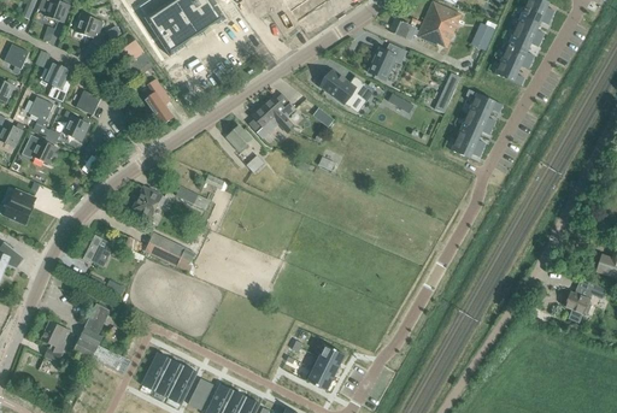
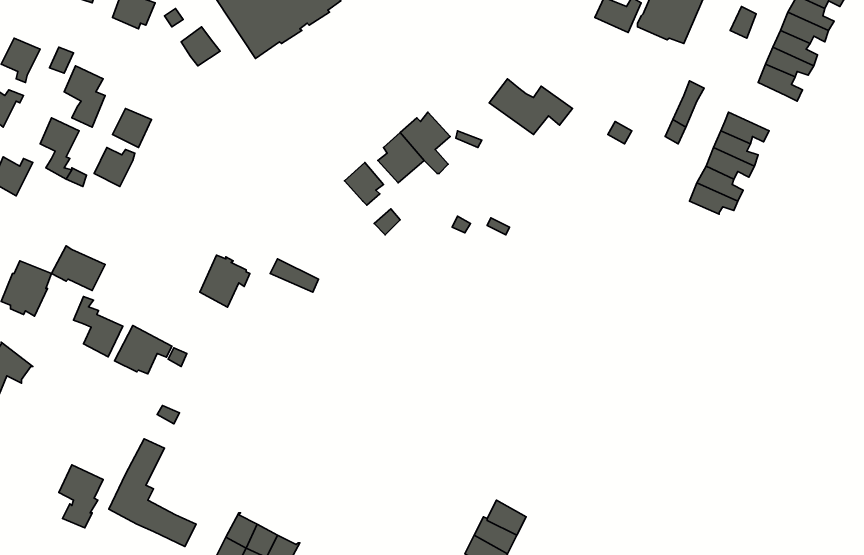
building: [369,42,407,79] -> none
building: [145,78,174,124] -> none
building: [22,134,57,163] -> [51,246,105,290]
building: none -> [73,297,123,357]
building: [145,231,195,271] -> none

